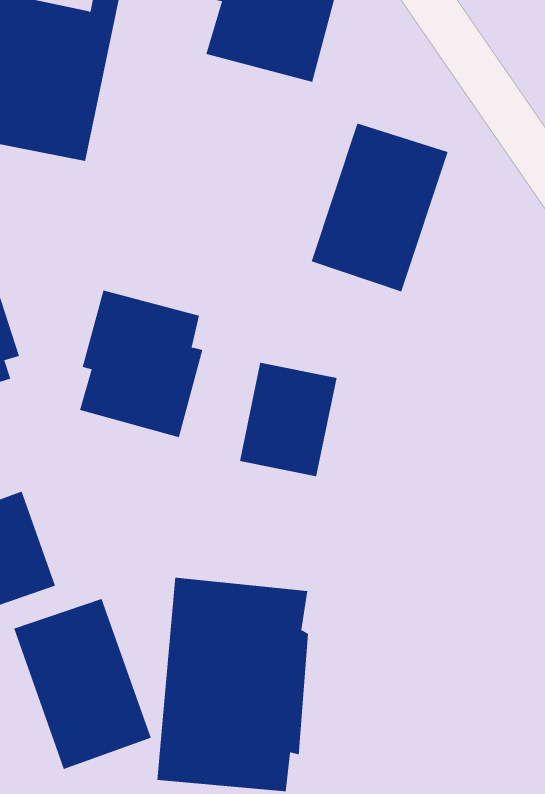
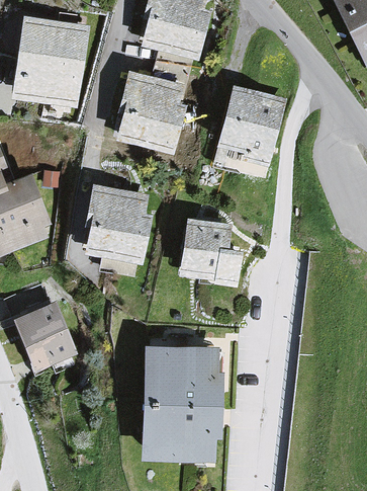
building: none -> [114,70,186,156]
building: [14,598,152,770] -> none

